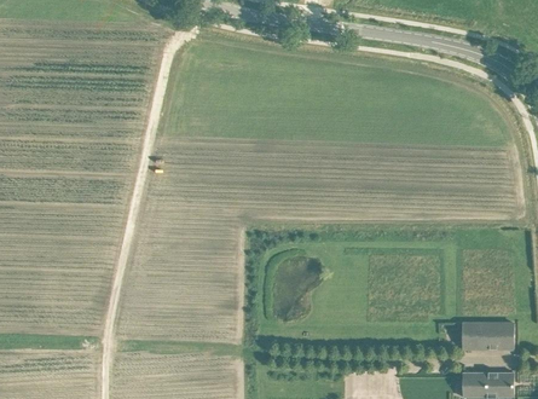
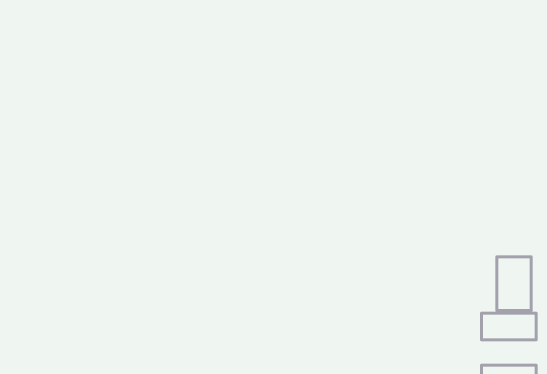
building: none -> [497,257,531,311]

